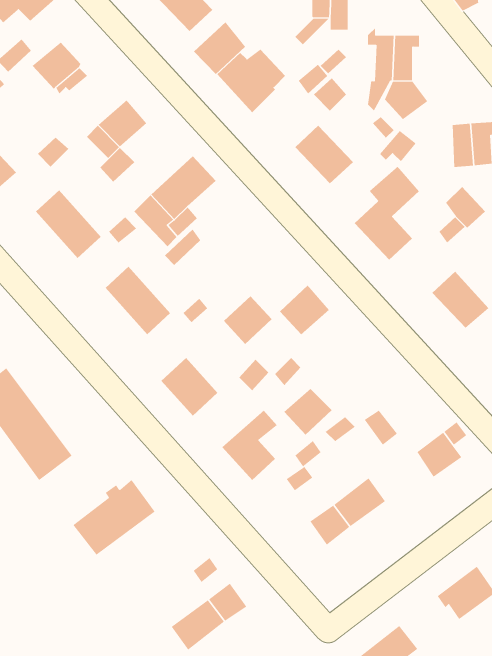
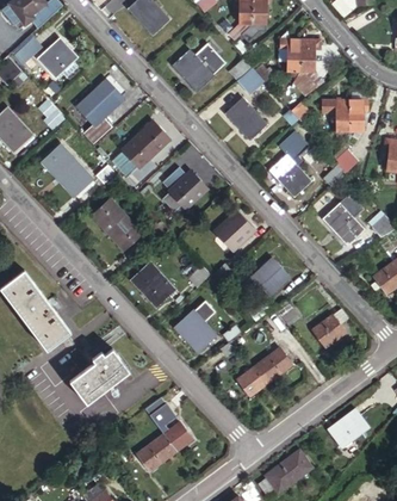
building: [193,22,246,75] -> none
building: [223,296,272,345] -> [170,172,205,206]
building: [284,388,333,436] -> [252,261,286,295]

